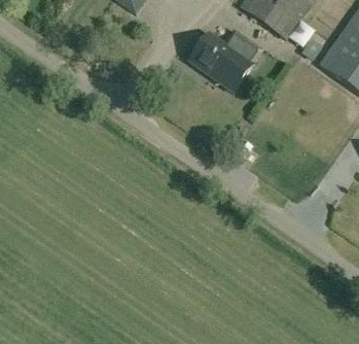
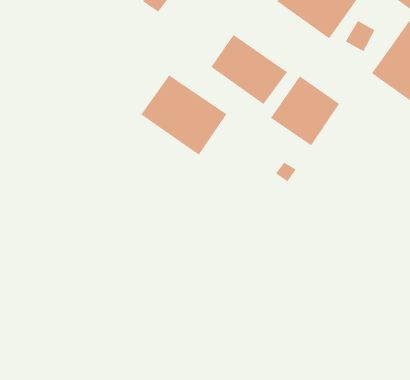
building: none -> [141,74,227,156]
building: none -> [270,76,340,146]

